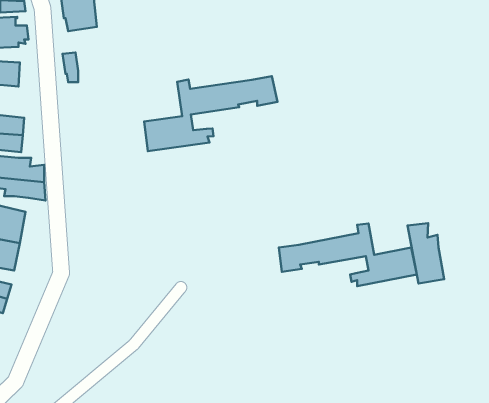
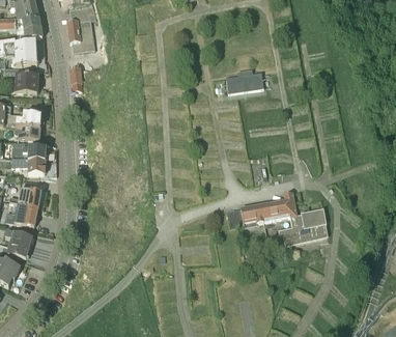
building: none -> [226,72,263,91]
building: [144,76,277,151] -> none
building: [408,223,444,283] -> none

